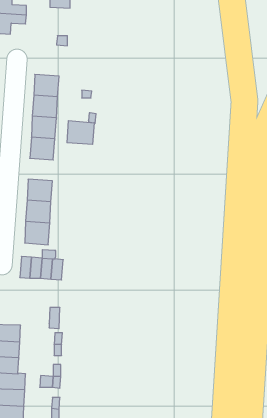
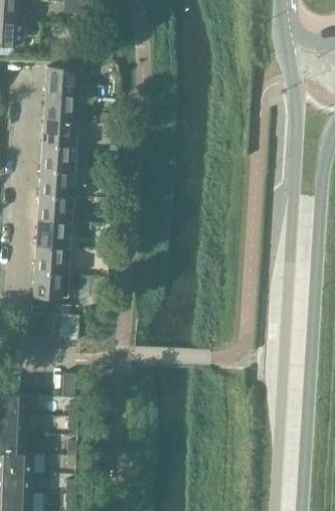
building: none -> [46,68,76,96]
building: [67,121,94,144] -> none
building: none -> [38,194,68,221]

